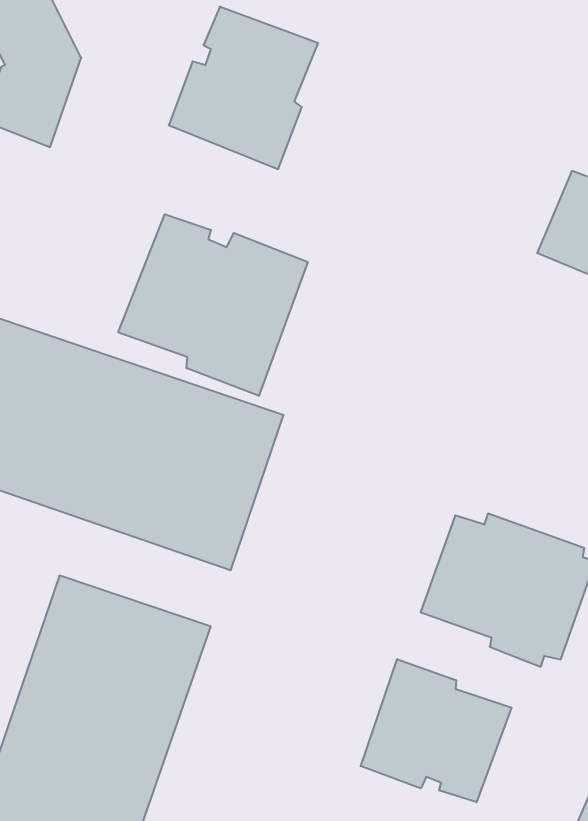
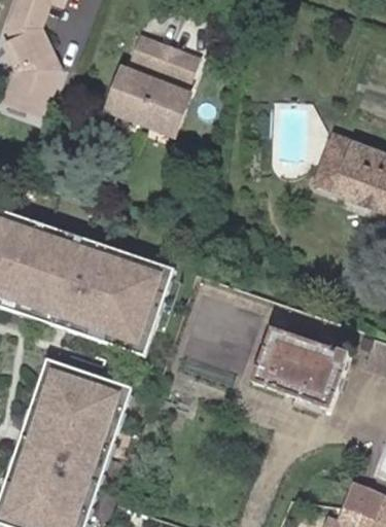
building: [118,214,308,396] -> none
building: [361,659,512,802] -> none

